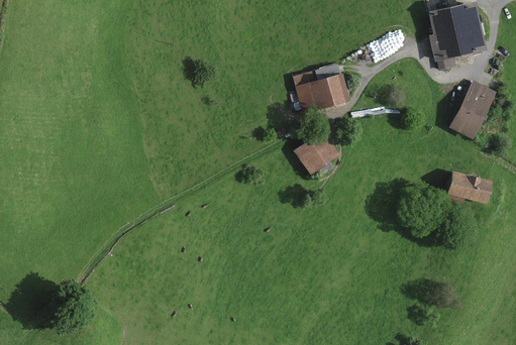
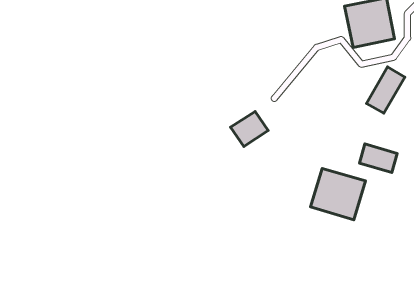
building: [300,69,347,111] -> none
building: none -> [310,169,365,220]

